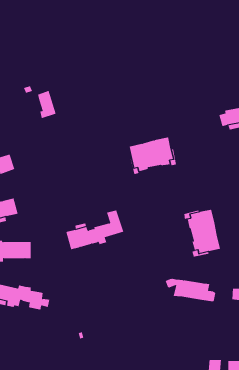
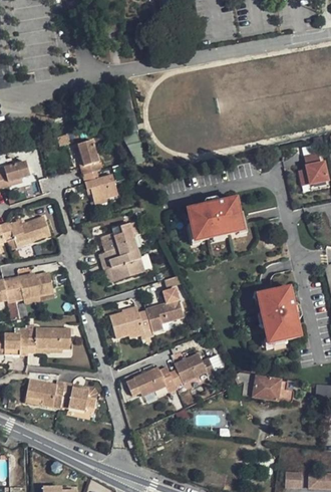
building: none -> [80,169,116,201]
building: none -> [98,221,146,281]
building: none -> [126,352,214,396]

